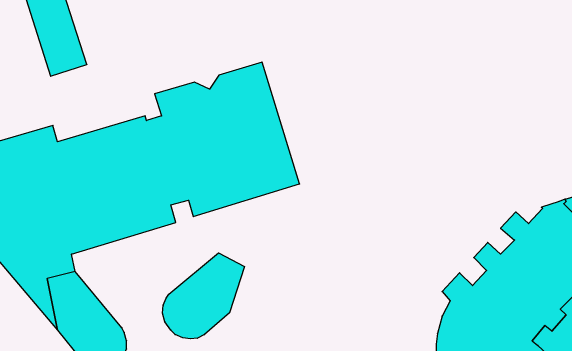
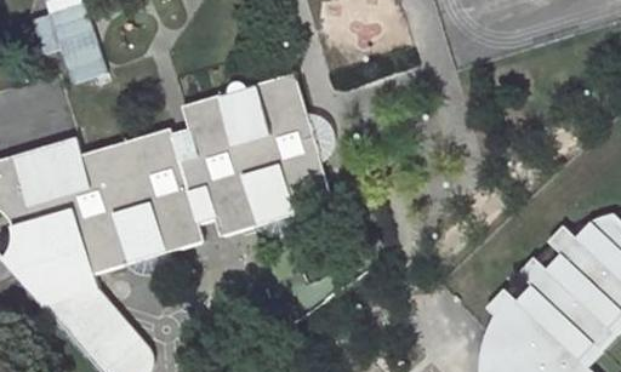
building: [162,253,244,339] -> none

